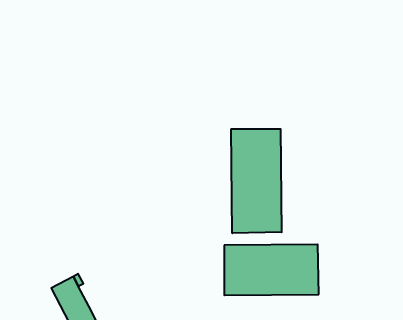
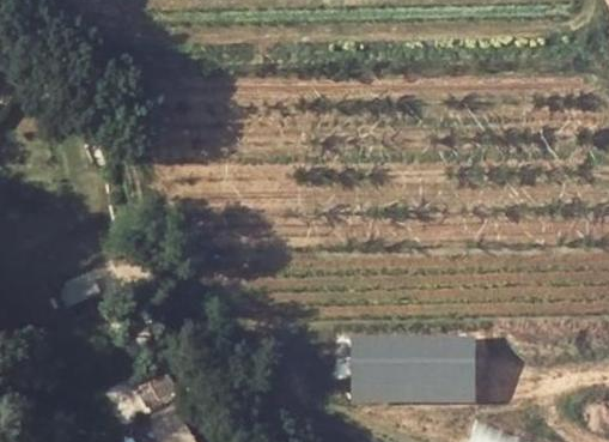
building: [231,129,282,233] -> none

